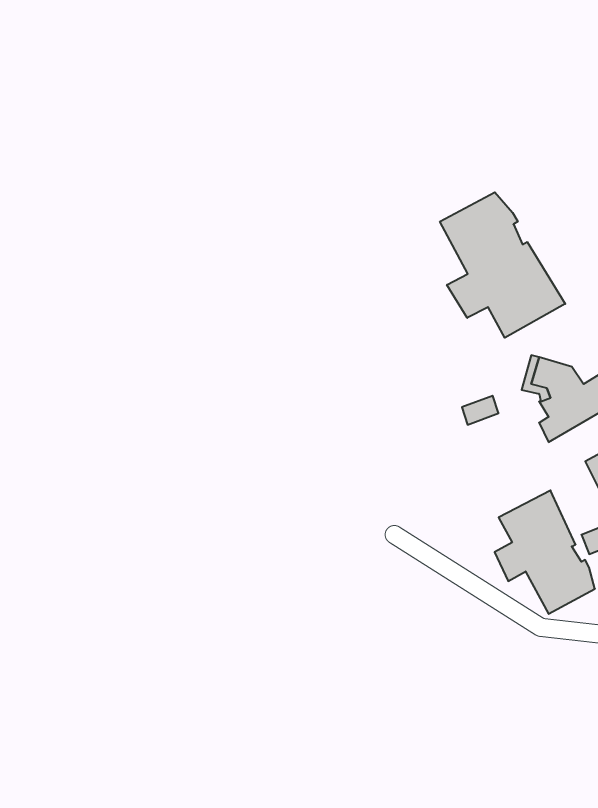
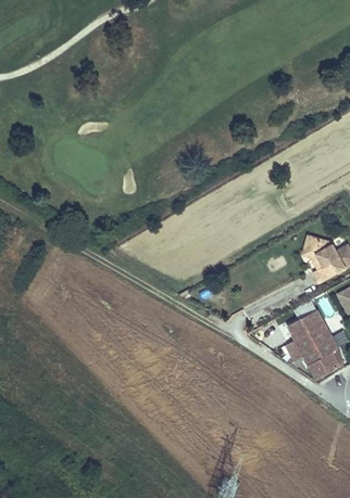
building: [440,192,565,338] -> none

